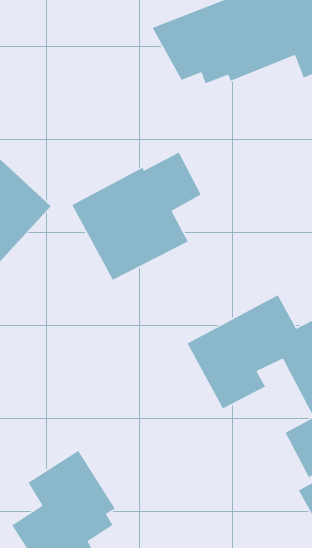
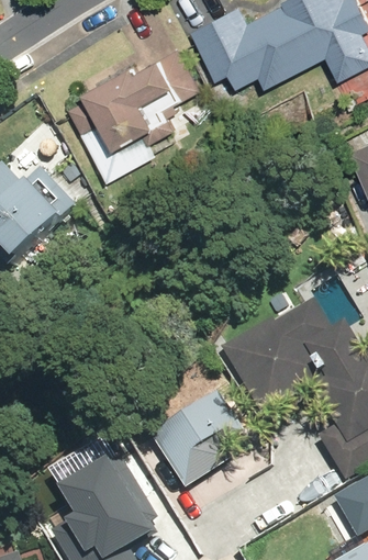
building: [71,151,202,281] -> [65,47,197,178]
building: none -> [152,396,252,490]

